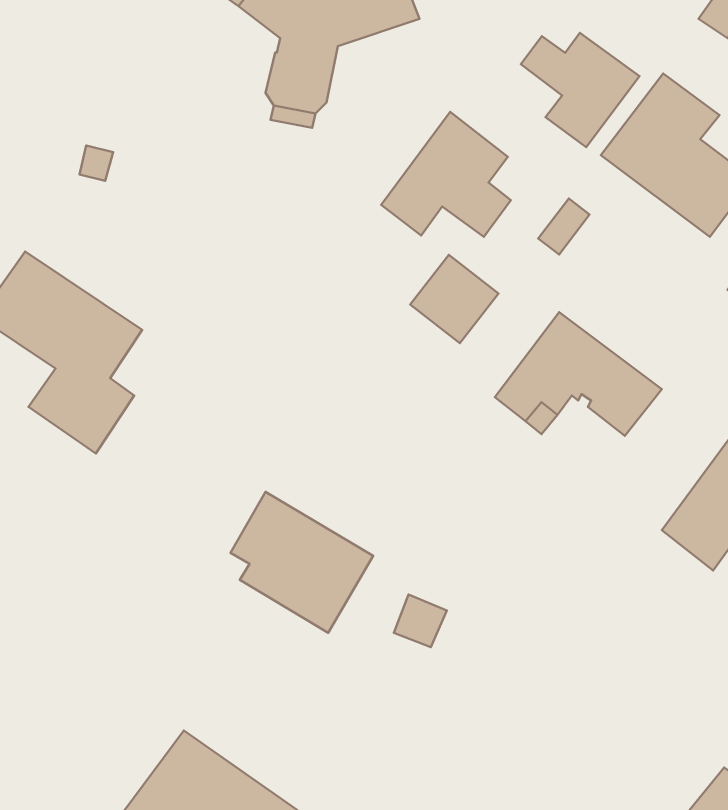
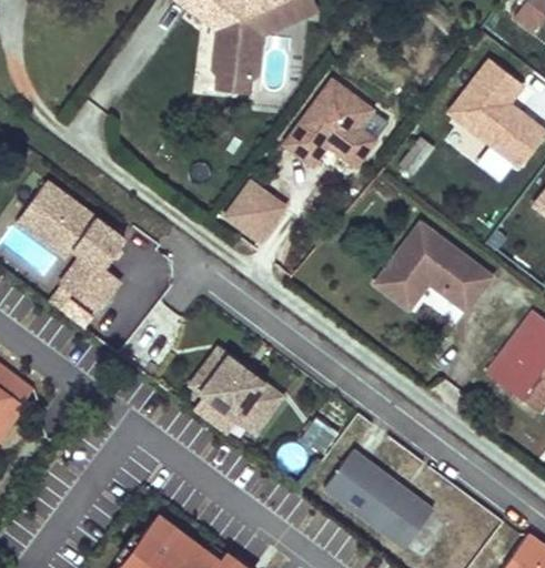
building: [521,33,640,147] -> none
building: [410,255,498,343] -> [231,183,292,244]
building: none -> [321,447,446,559]

